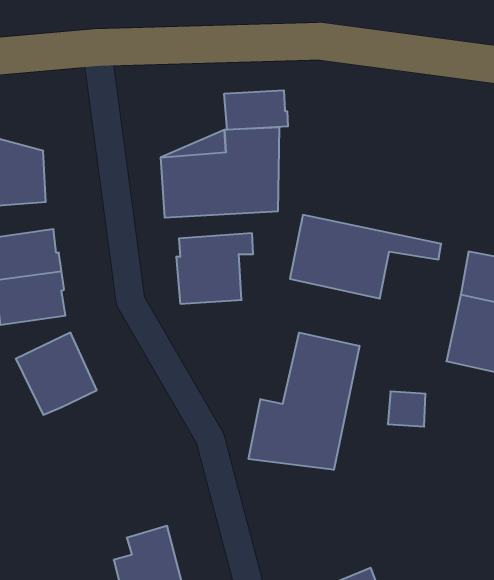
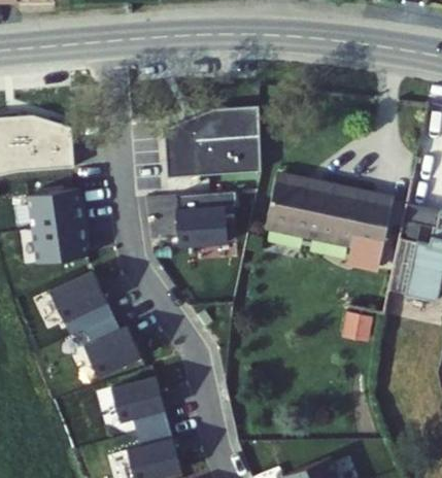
building: [224,90,288,130] -> none
building: none -> [336,200,392,270]
building: [249,333,359,470] -> none
building: none -> [83,315,141,376]
building: none -> [110,375,168,432]

